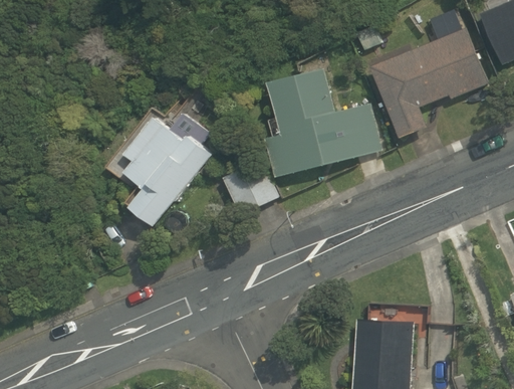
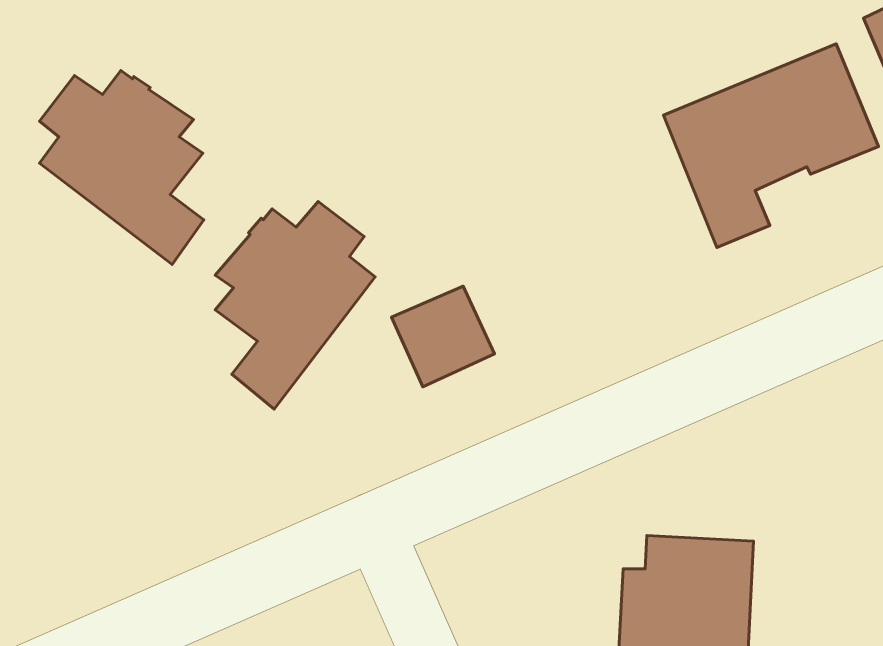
building: none -> [39,71,204,264]
building: [265,69,379,178] -> none

